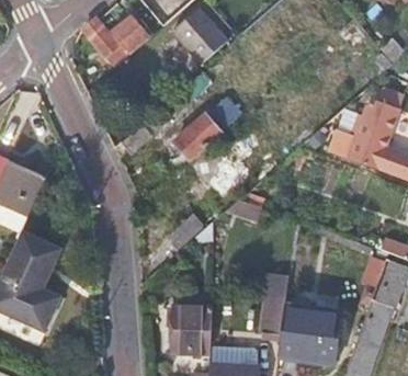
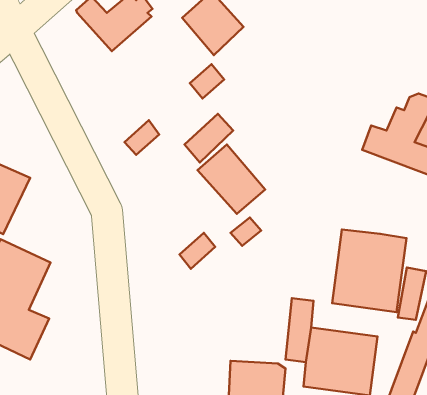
building: none -> [332,229,407,312]
building: [171,303,212,350] -> none

